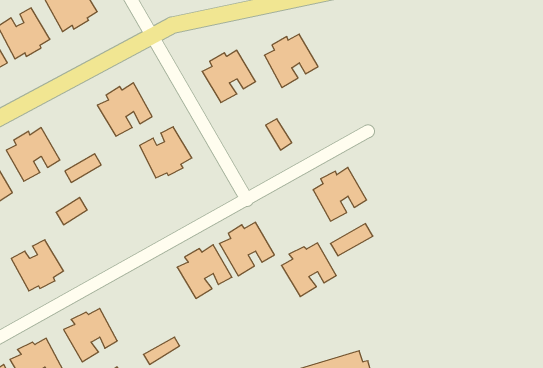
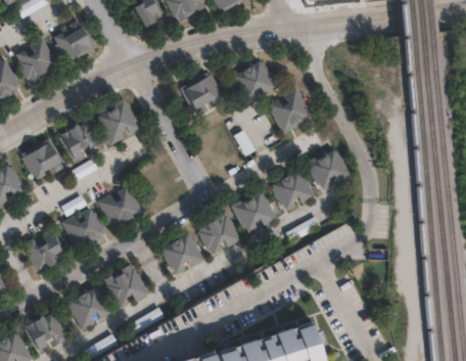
building: none -> [270,89,314,132]
building: none -> [57,119,102,163]
building: [140,127,192,178] -> [100,185,143,227]
building: none -> [309,149,353,194]
building: none -> [64,206,107,247]
building: [281,243,336,297] -> [232,191,277,235]
building: none -> [102,266,147,310]

